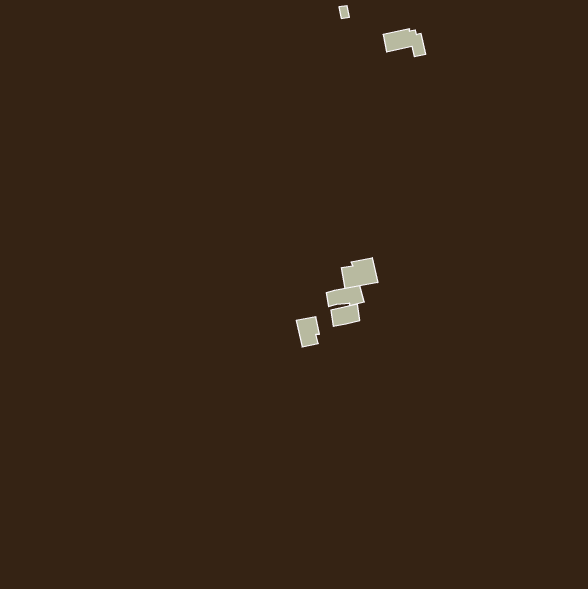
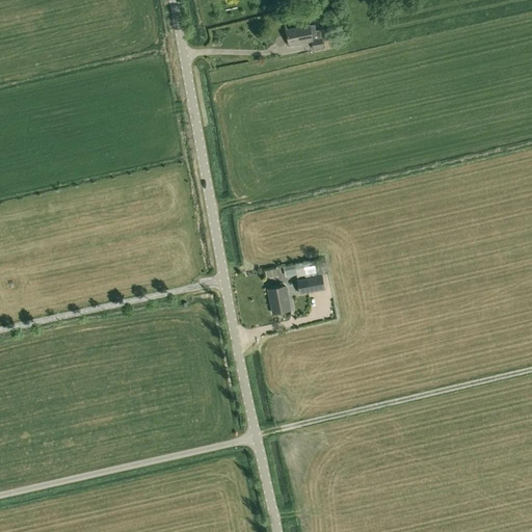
building: [383,29,426,57] -> [285,25,323,50]
building: [342,258,378,288] -> none

